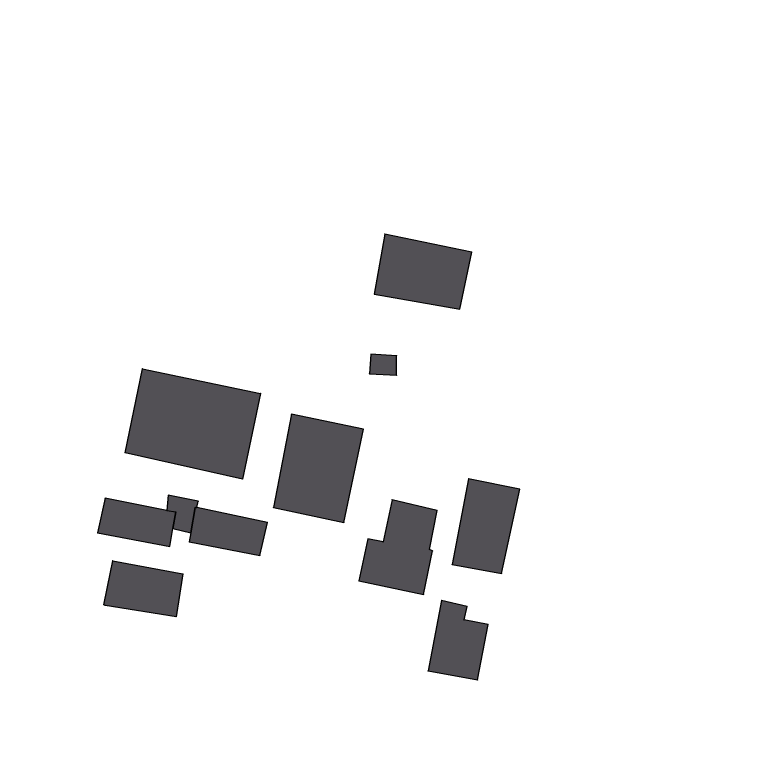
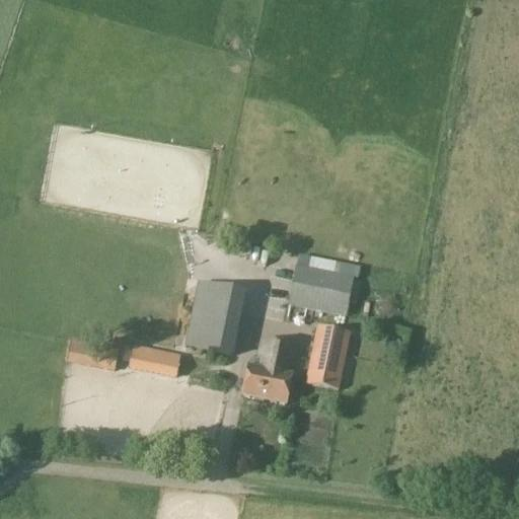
building: [374,234,472,309] -> [289,263,355,313]
building: [125,369,261,479] -> none
building: [104,561,183,617] -> none

